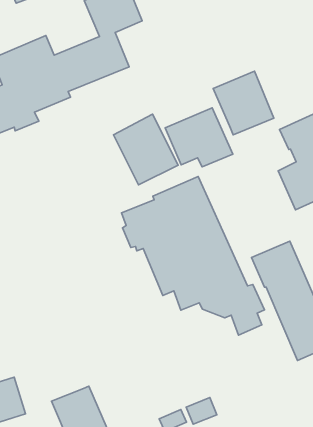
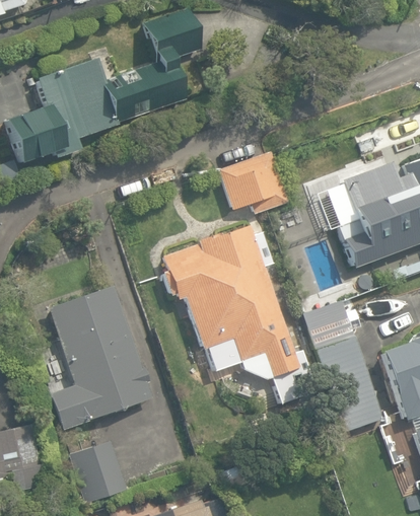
building: [213,71,274,135] -> none
building: [113,114,178,185] -> none
building: none -> [48,284,153,429]

